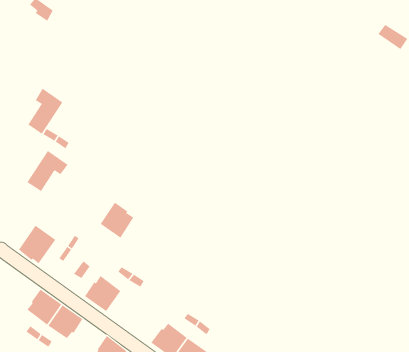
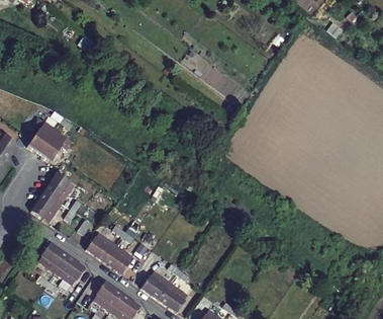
building: [27,88,63,134] -> [26,116,56,155]
building: [100,202,134,238] -> [45,172,74,203]
building: none -> [104,245,133,274]

